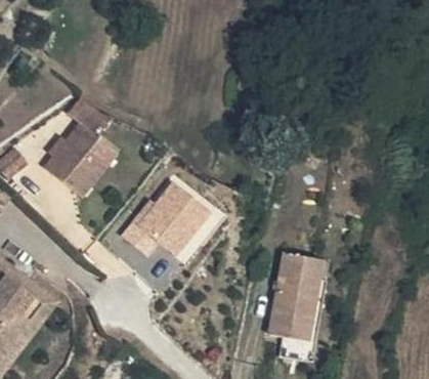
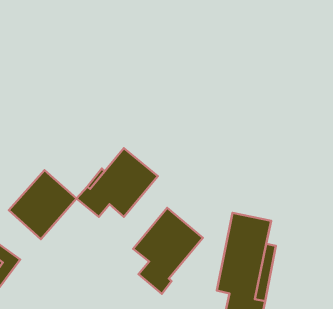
building: [43,124,115,197] -> [9,170,76,239]
building: none -> [133,208,203,294]

